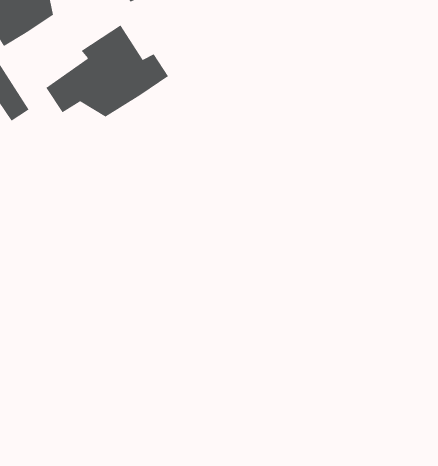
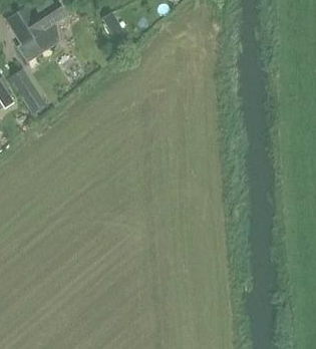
building: [45,24,169,117] -> none

